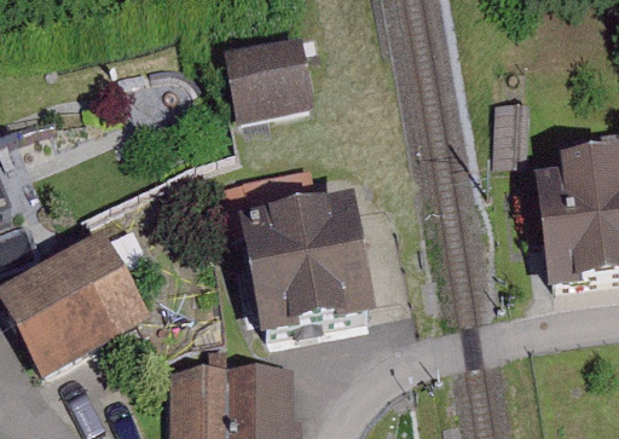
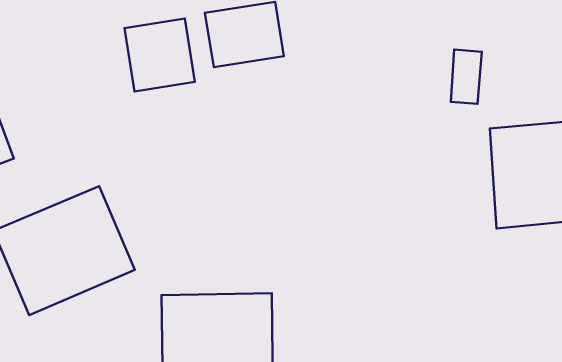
building: none -> [125,18,195,91]
building: [239,204,374,345] -> none

